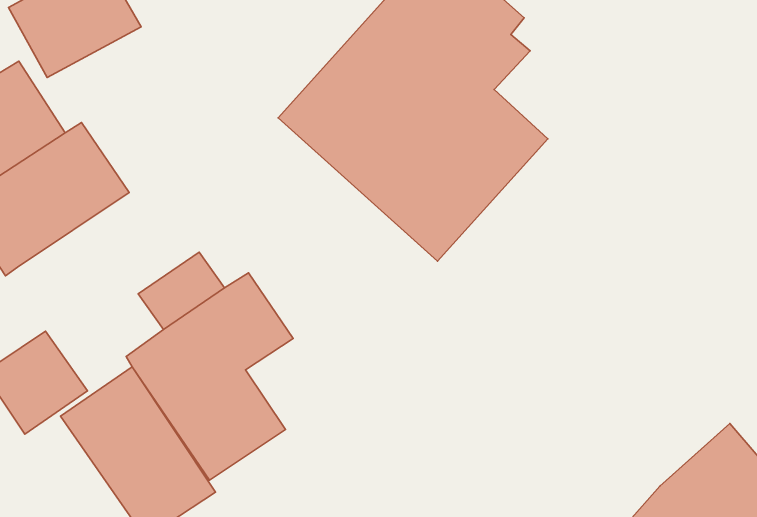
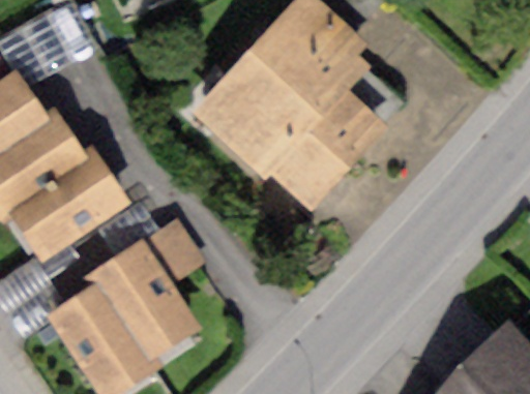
building: none -> [13,156,131,262]

